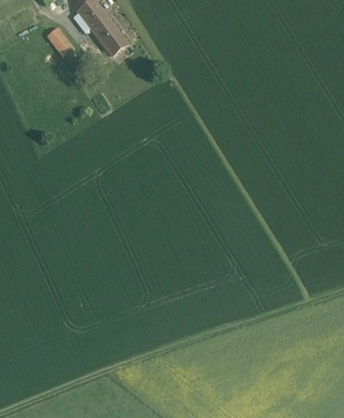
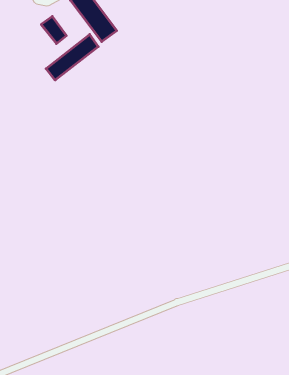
building: none -> [46,34,98,80]

